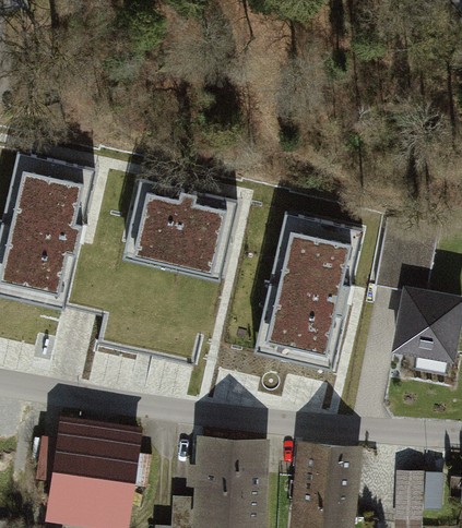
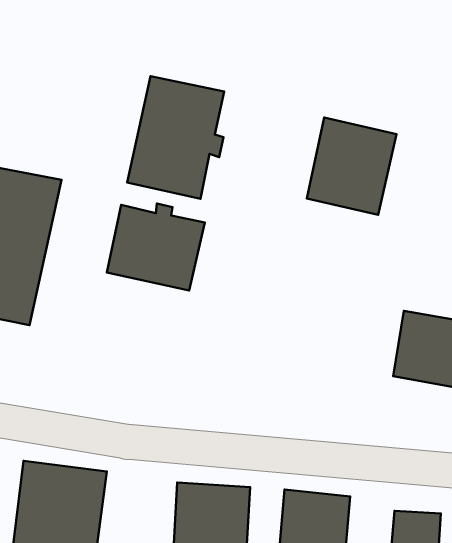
building: none -> [127,76,224,199]
building: none -> [307,118,396,215]
building: [256,211,366,368] -> none

